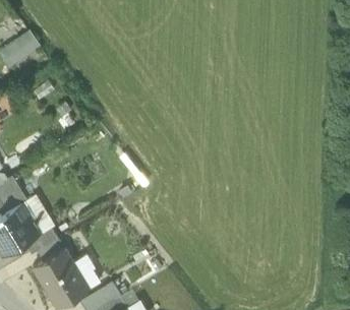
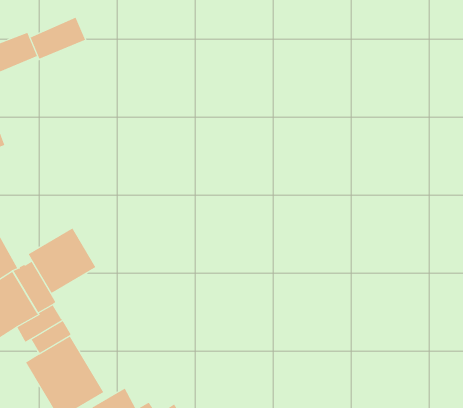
building: none -> [30,17,86,60]
building: none -> [28,228,96,294]

